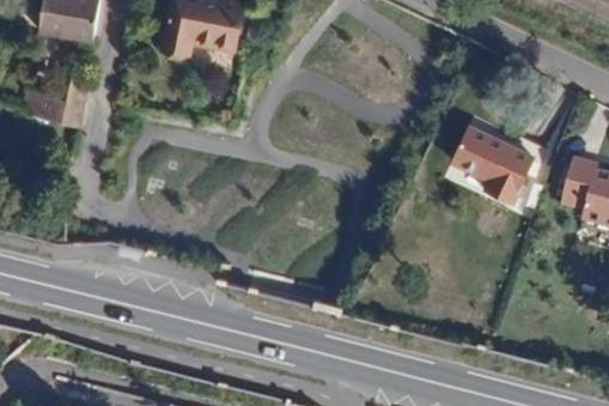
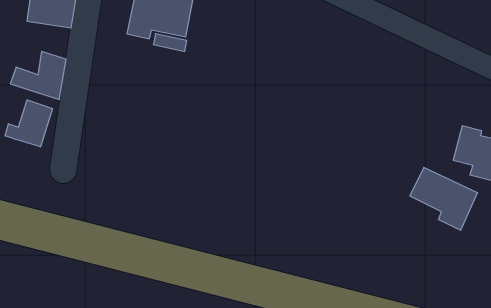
building: [451,128,534,205] -> [410,167,478,230]
building: none -> [5,100,53,147]

